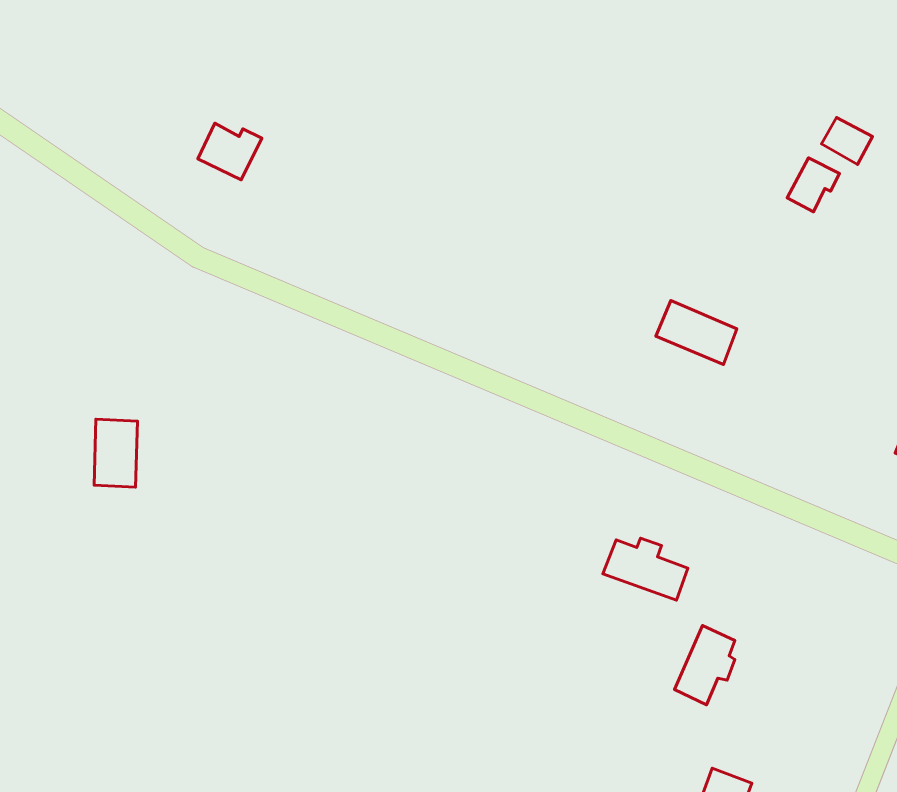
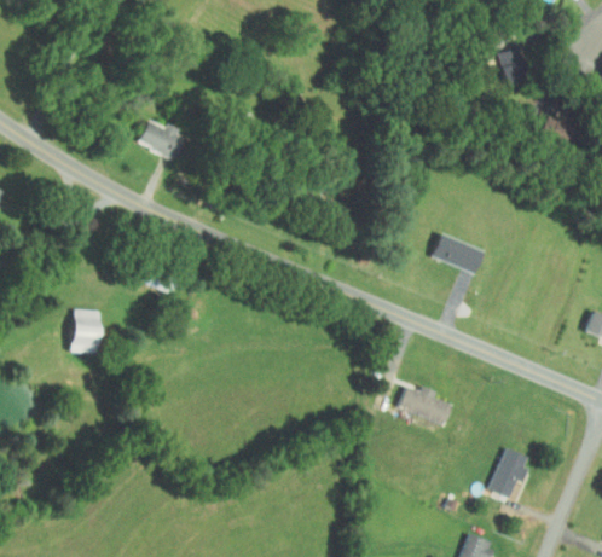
building: none -> [497,47,526,87]
building: [787,158,840,212] -> none
building: [674,626,735,705] -> [488,447,527,498]

